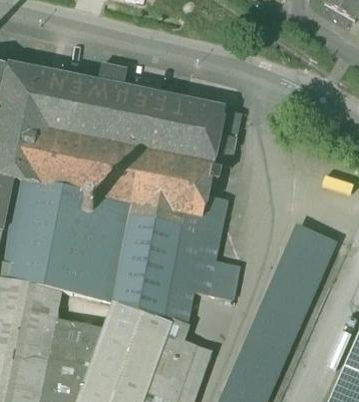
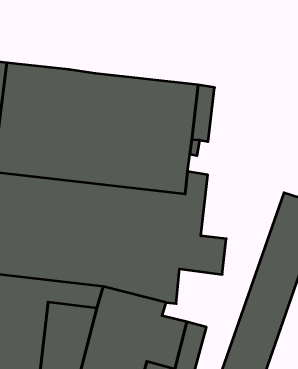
building: [97,63,127,88] -> none

